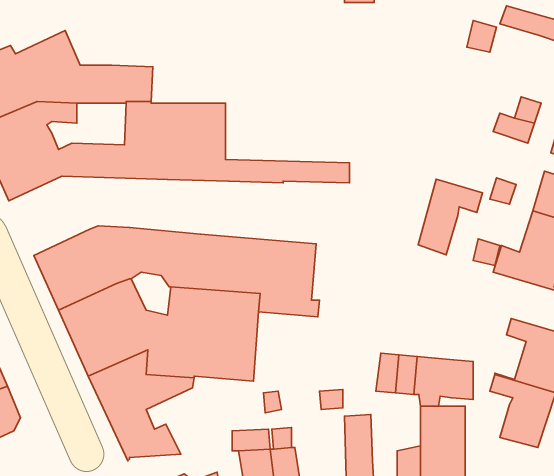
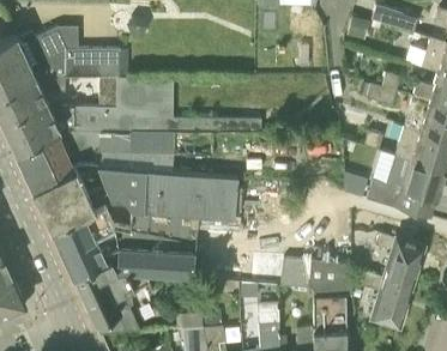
building: none -> [16,131,175,188]
building: [418,179,482,255] -> none

